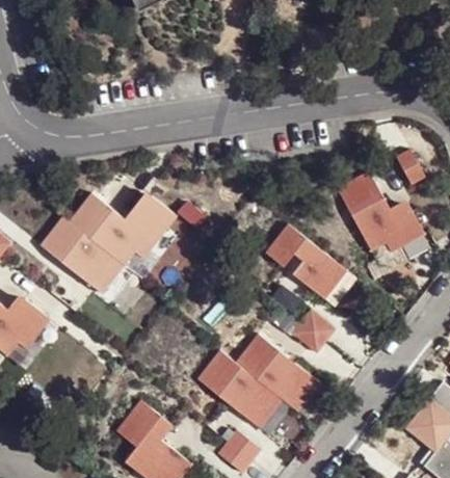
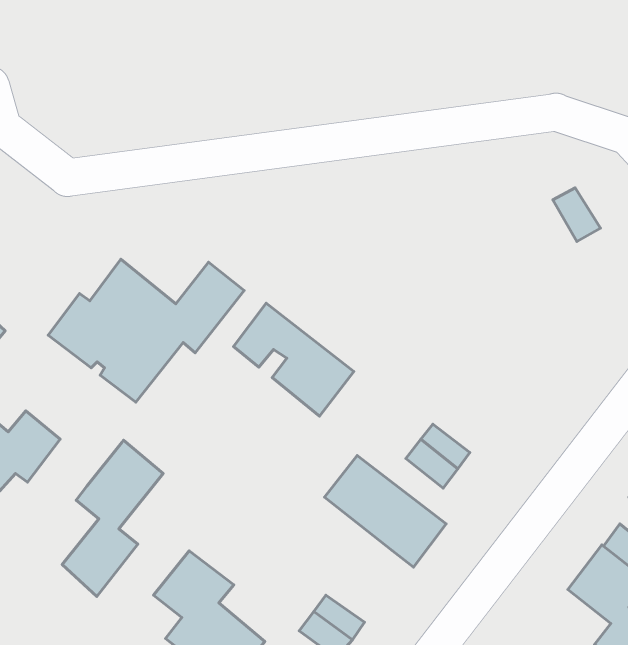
building: [335,169,425,251] -> none
building: [263,220,347,299] -> [234,303,354,416]
building: none -> [62,440,163,597]
building: [193,349,282,430] -> none

